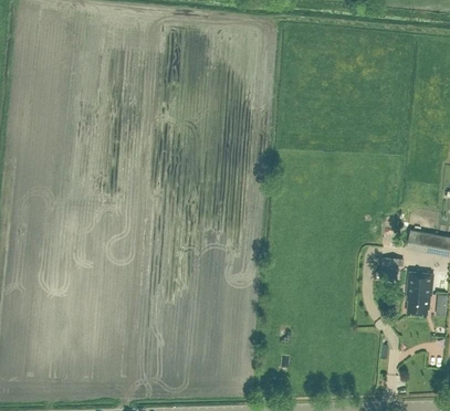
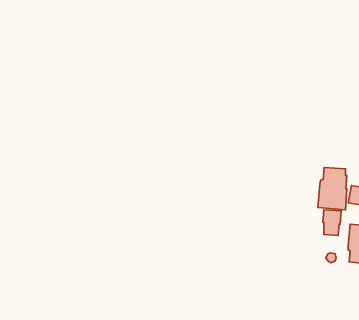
building: none -> [318,168,347,210]

